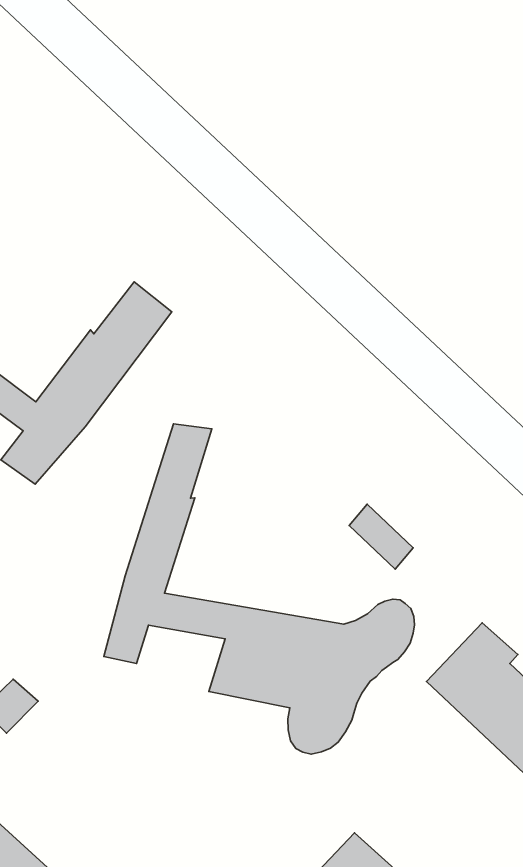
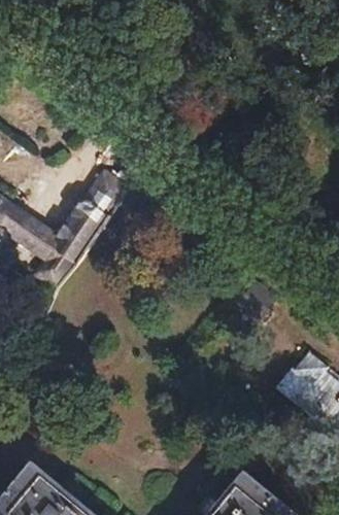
building: [104,424,414,754] -> none

